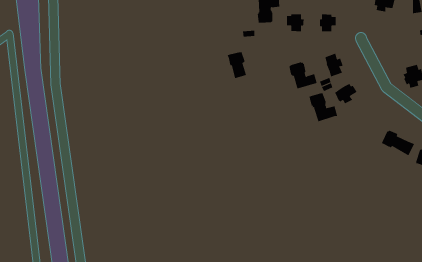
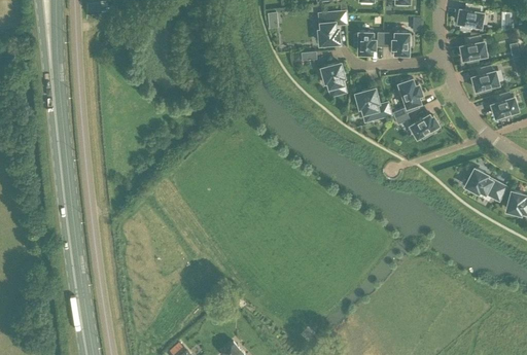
building: none -> [459,36,485,64]
building: none -> [471,66,497,95]
building: [227,51,247,79] -> [320,64,344,97]
building: [309,92,338,122] -> none

